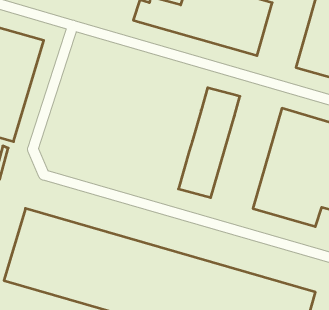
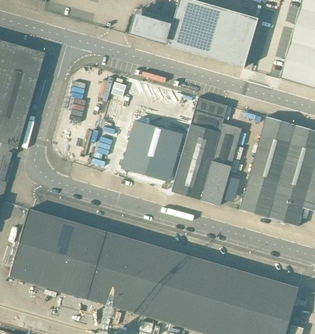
building: none -> [122,120,184,182]
building: none -> [201,123,242,205]

